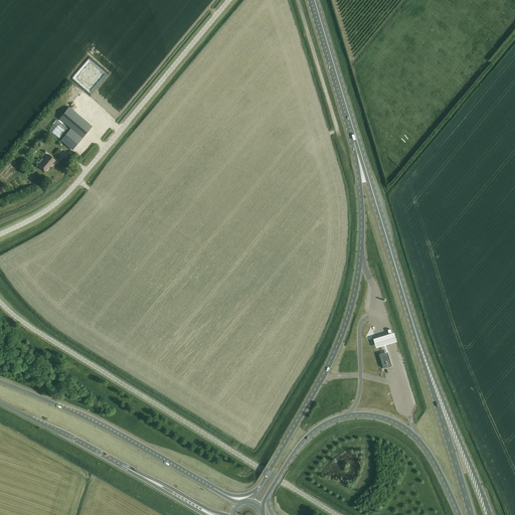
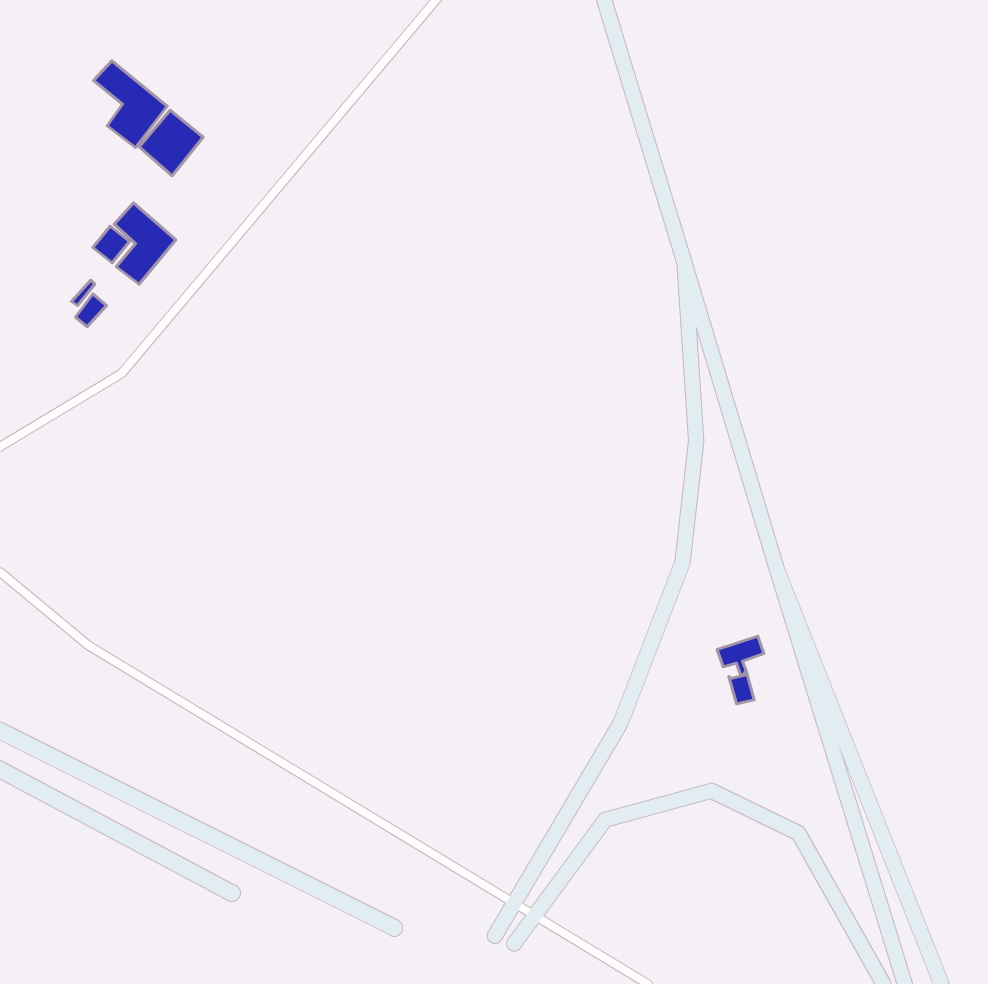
building: none -> [94,61,167,147]

